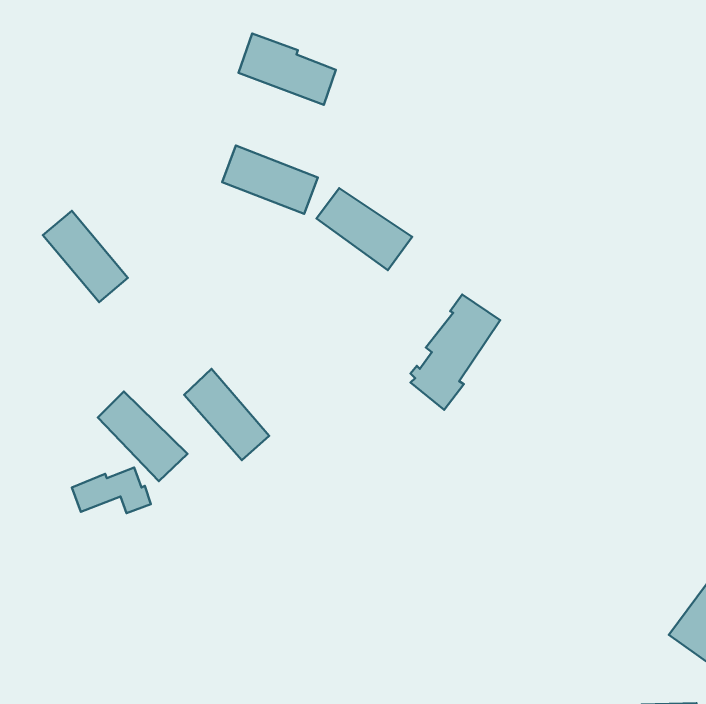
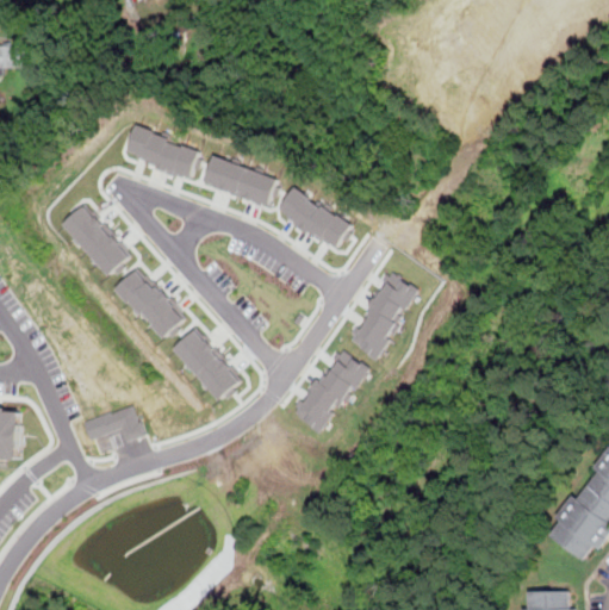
building: [239,33,336,105] -> [122,123,198,179]
building: [98,392,188,481] -> [113,268,184,338]
building: none -> [292,349,371,431]

